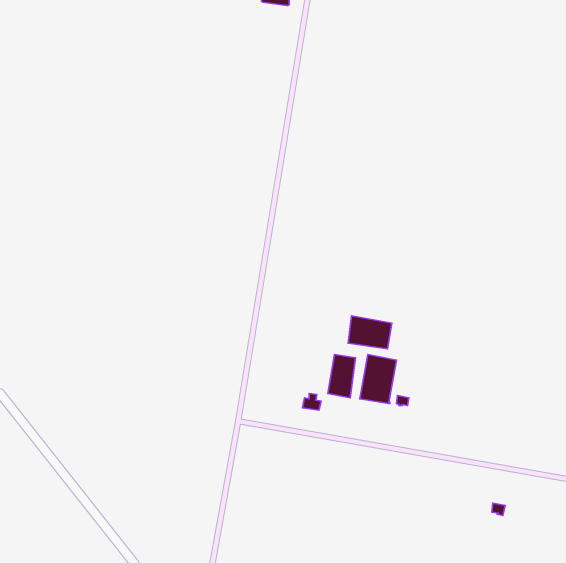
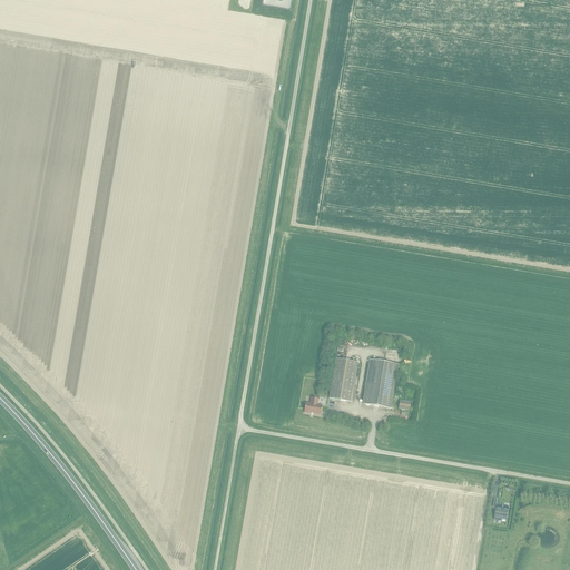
building: [348,316,392,349] -> none

